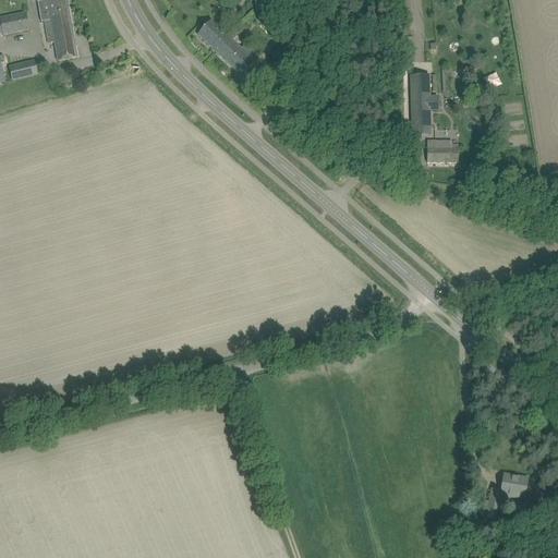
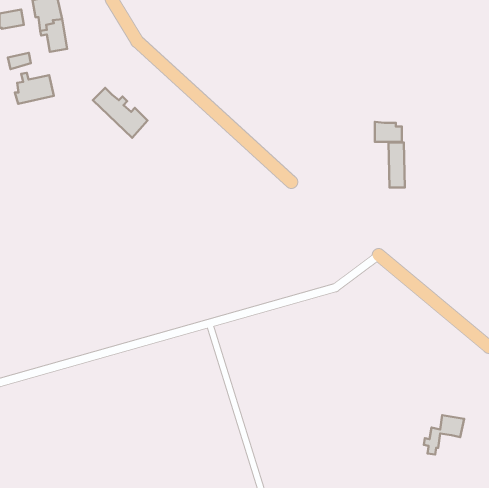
building: [196,19,258,75] -> [93,88,147,138]
building: [410,73,428,124] -> [388,142,405,187]
building: none -> [15,73,54,104]

